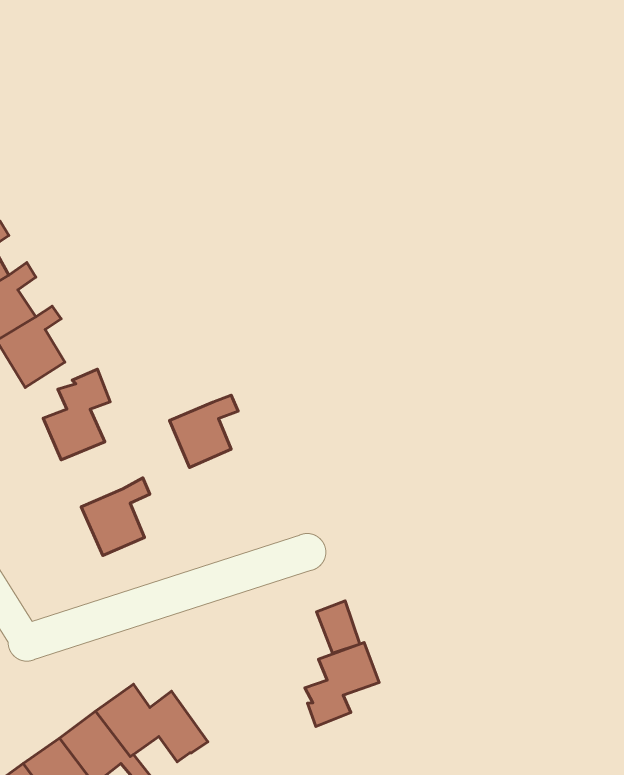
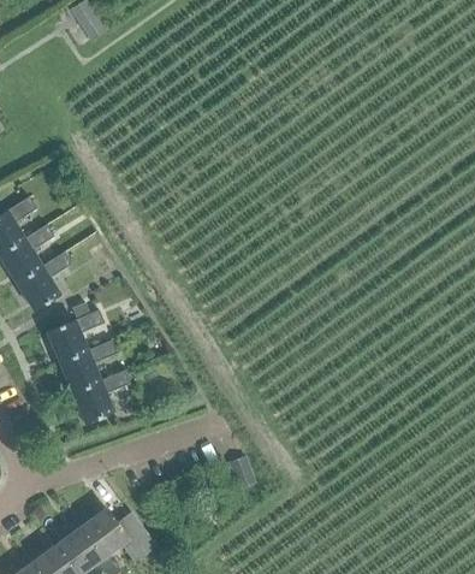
building: [170,395,238,467] -> [59,343,105,391]
building: [305,643,379,727] -> none

